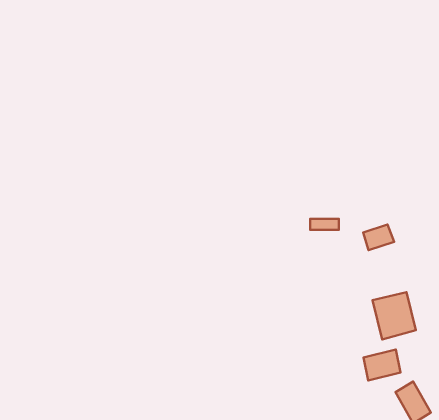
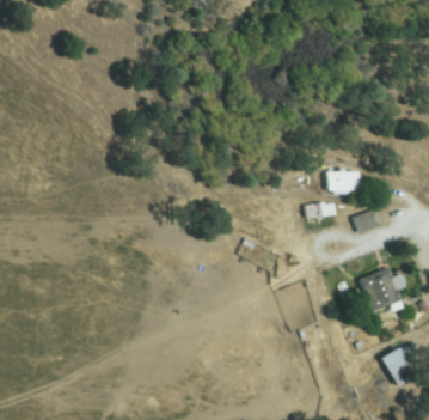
building: none -> [329,171,358,193]
building: [363,350,401,380] -> none

